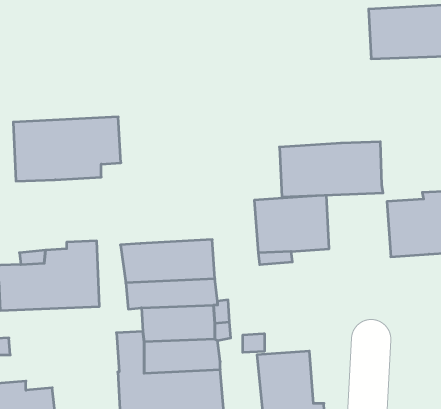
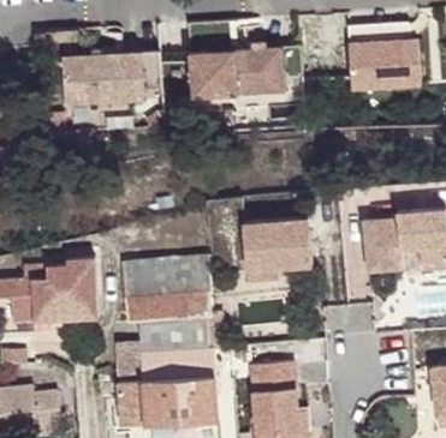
building: [13,117,121,181] -> [63,49,161,108]
building: [279,142,383,197] -> [190,47,285,97]

